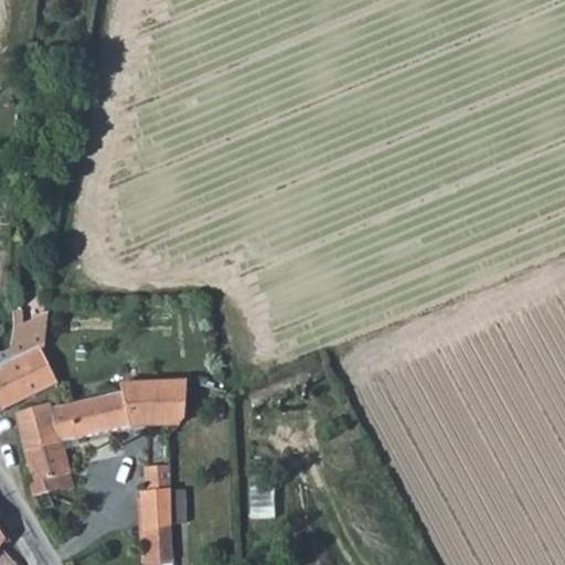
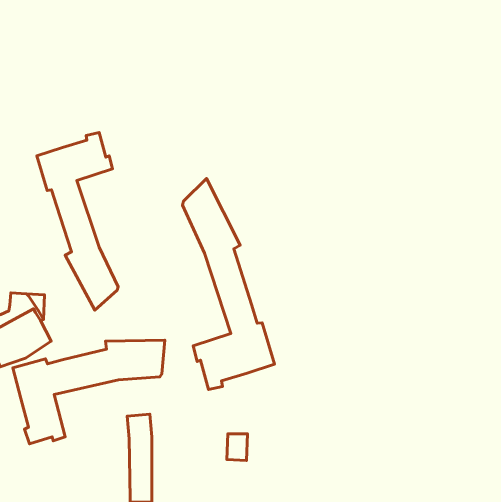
building: none -> [37,133,118,310]
building: none -> [183,179,274,390]

